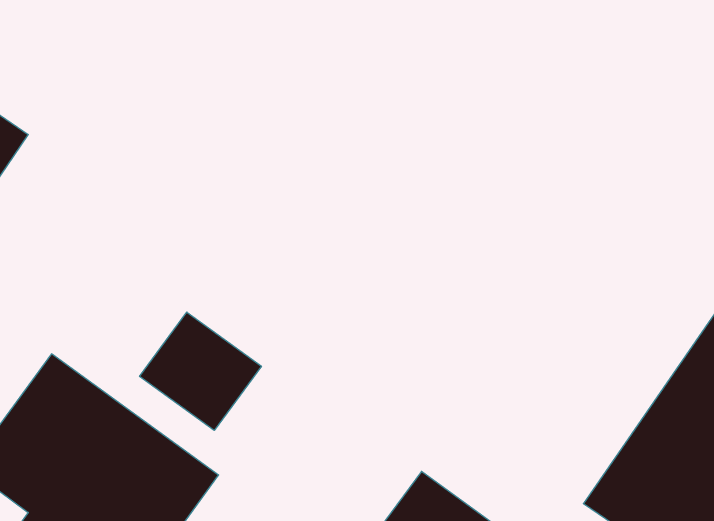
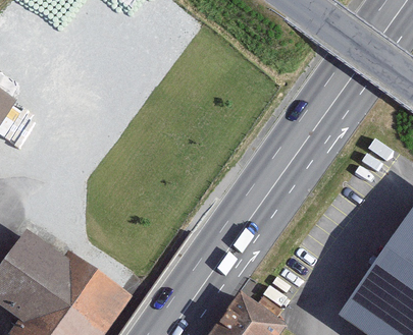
building: [140,312,261,430] -> none

